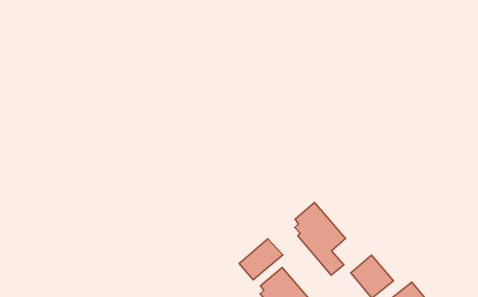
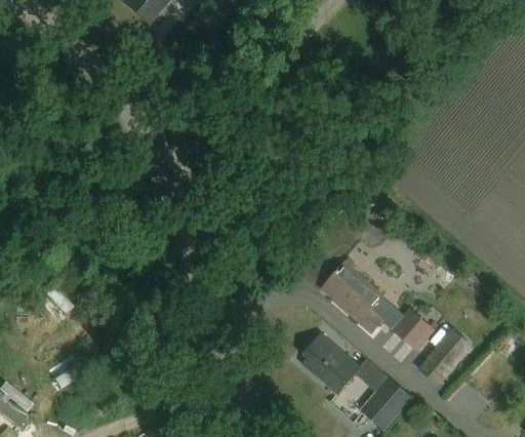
building: [239,239,283,280] -> none

